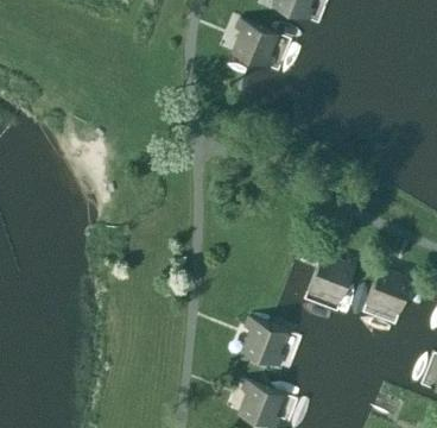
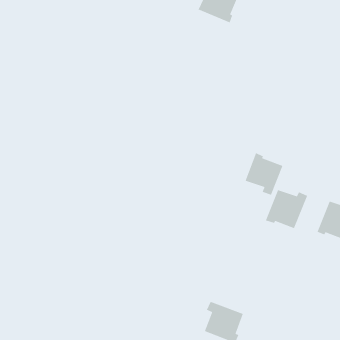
building: none -> [245,152,284,196]
building: [242,319,287,367] -> none

